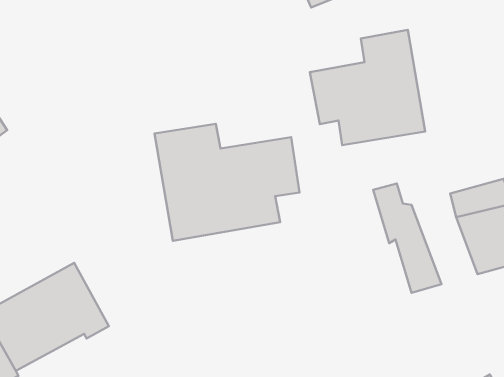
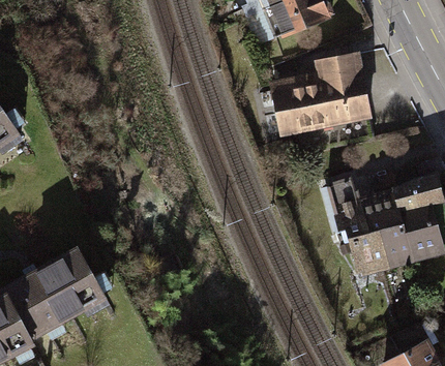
building: [155,124,299,241] -> none
building: none -> [359,191,414,267]

